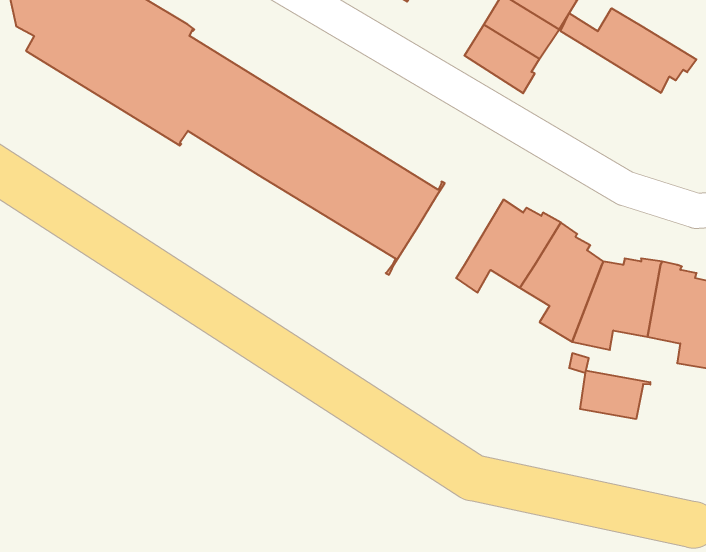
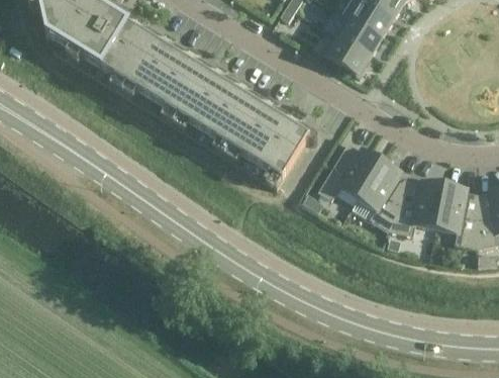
building: [561,8,696,93] -> none
building: [580,370,650,419] -> none

